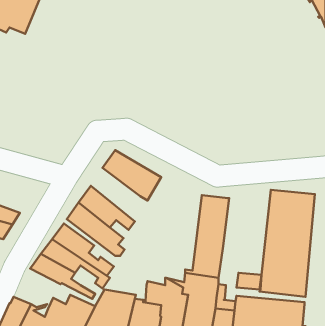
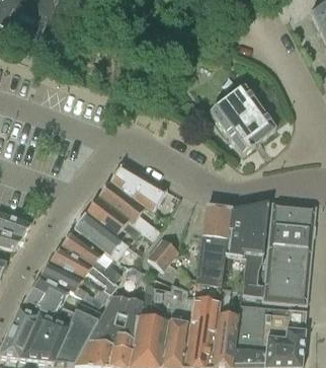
building: none -> [210,86,275,154]
building: none -> [98,178,159,239]
building: none -> [226,201,267,271]
building: none -> [148,237,179,270]
building: none -> [22,276,69,313]

